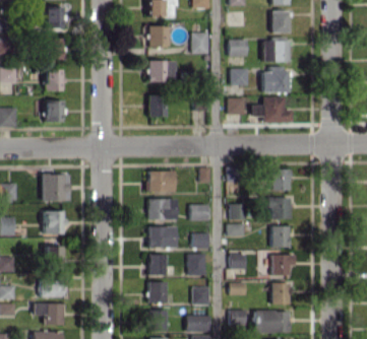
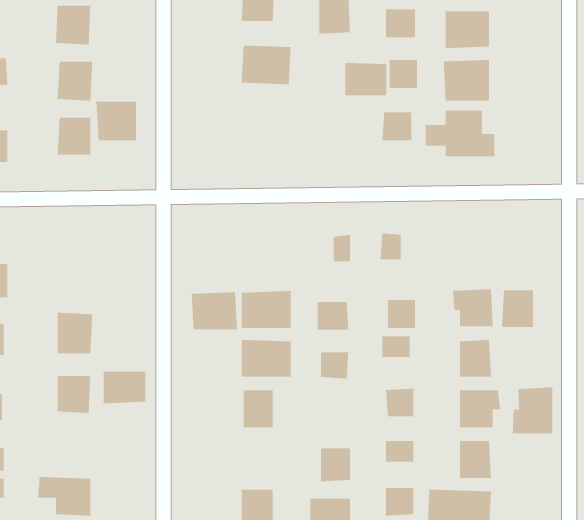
building: none -> [345,62,387,96]
building: none -> [96,101,136,141]
building: [148,94,168,117] -> none
building: [271,168,290,190] -> [501,290,534,328]
building: [148,171,175,192] -> [191,292,238,330]
building: [42,174,69,201] -> none
building: none -> [512,387,553,434]
building: [188,253,206,275] -> none
building: [40,279,64,297] -> [103,371,146,404]
building: [148,281,167,302] -> none

